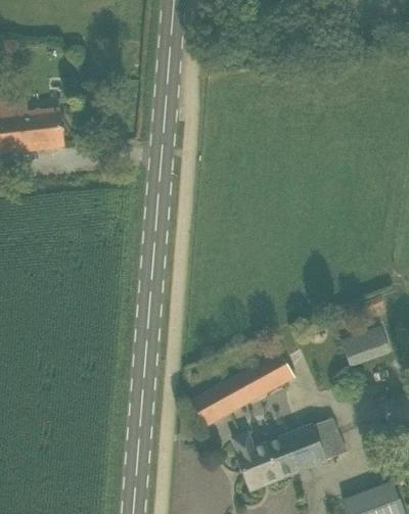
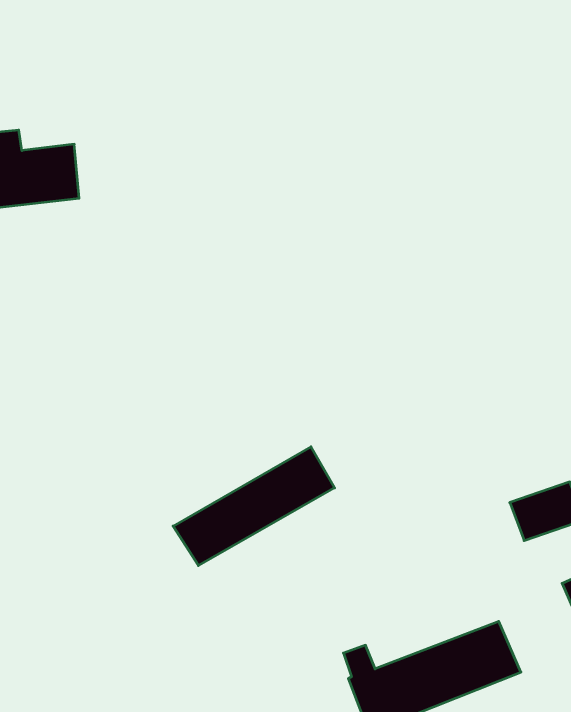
building: [189,349,293,426] -> [173,447,335,566]

